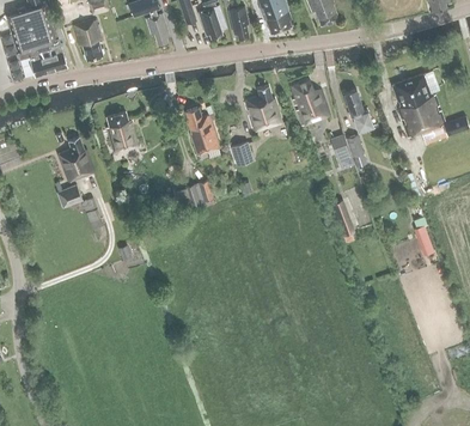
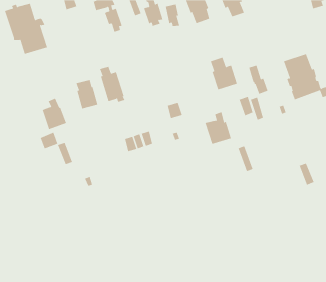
building: [73,18,103,60] -> none
building: [244,86,281,132] -> [205,112,232,145]
building: [184,106,220,157] -> [99,66,125,103]

